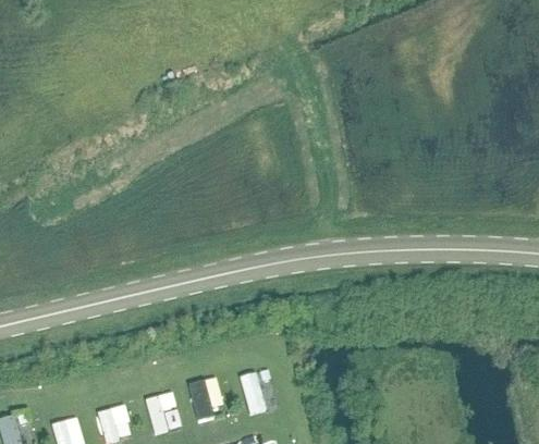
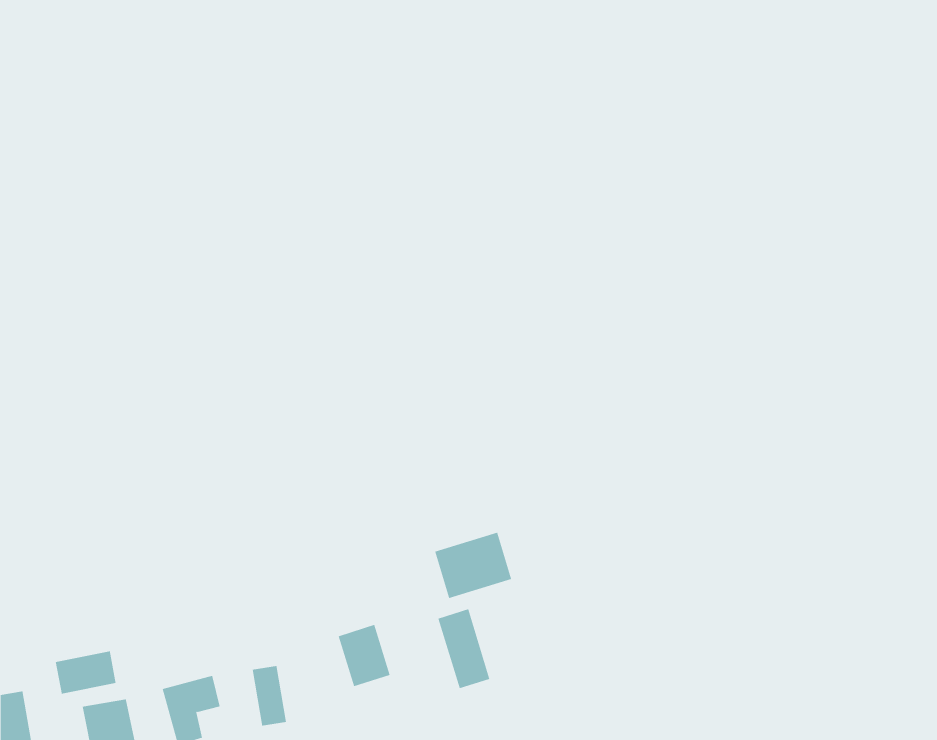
building: none -> [435,532,512,599]
building: none -> [55,650,116,694]

